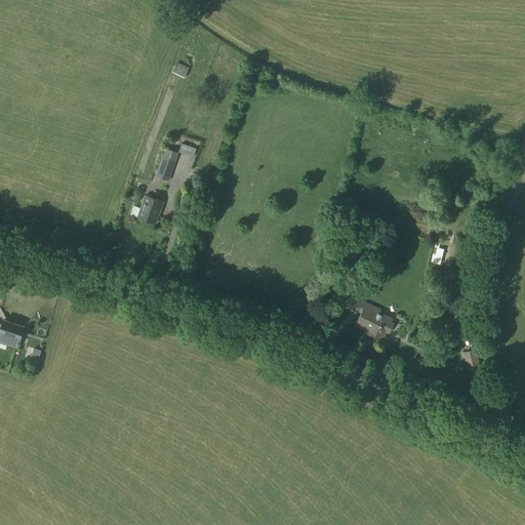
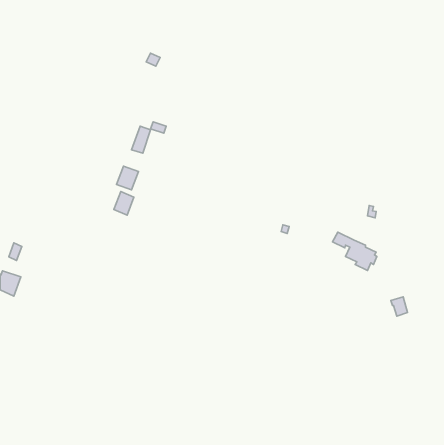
building: none -> [114,192,134,215]
building: [341,295,394,340] -> [333,232,377,271]

